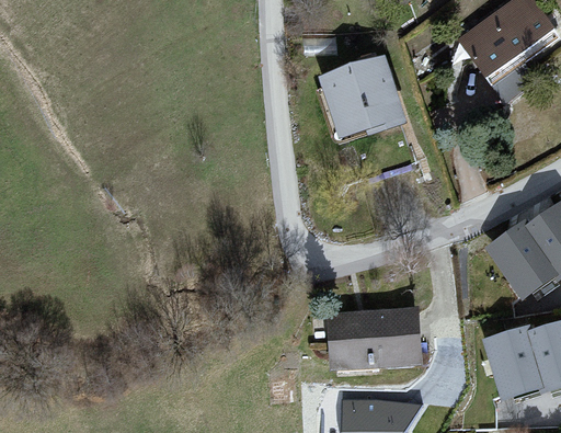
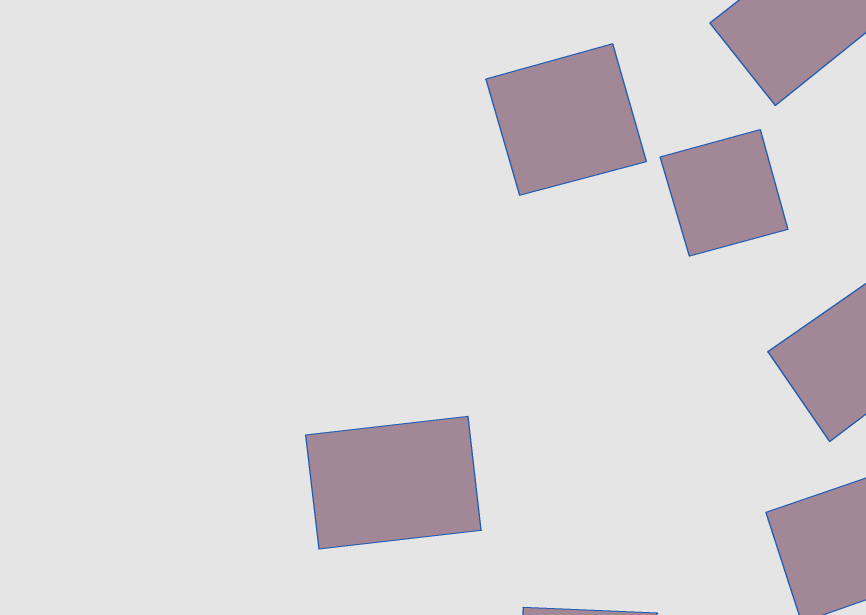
building: none -> [660,130,788,256]
building: [323,297,426,375] -> [306,416,481,549]

